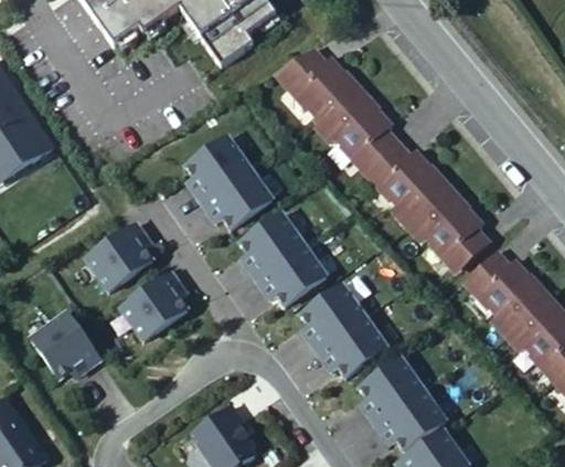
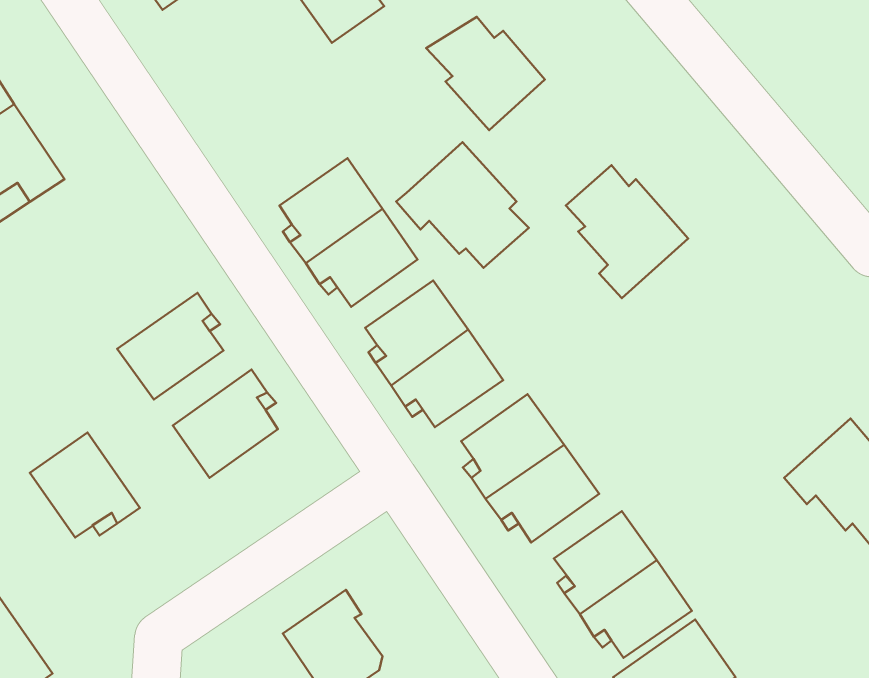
building: [313,85,397,164] -> [396,142,529,268]
building: [404,185,488,266] -> none
building: [470,252,548,337] -> none

